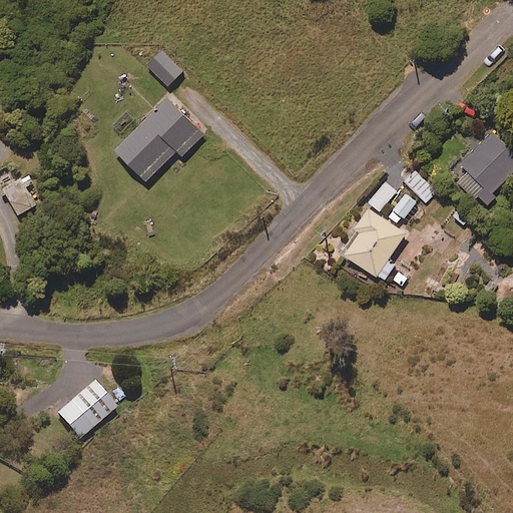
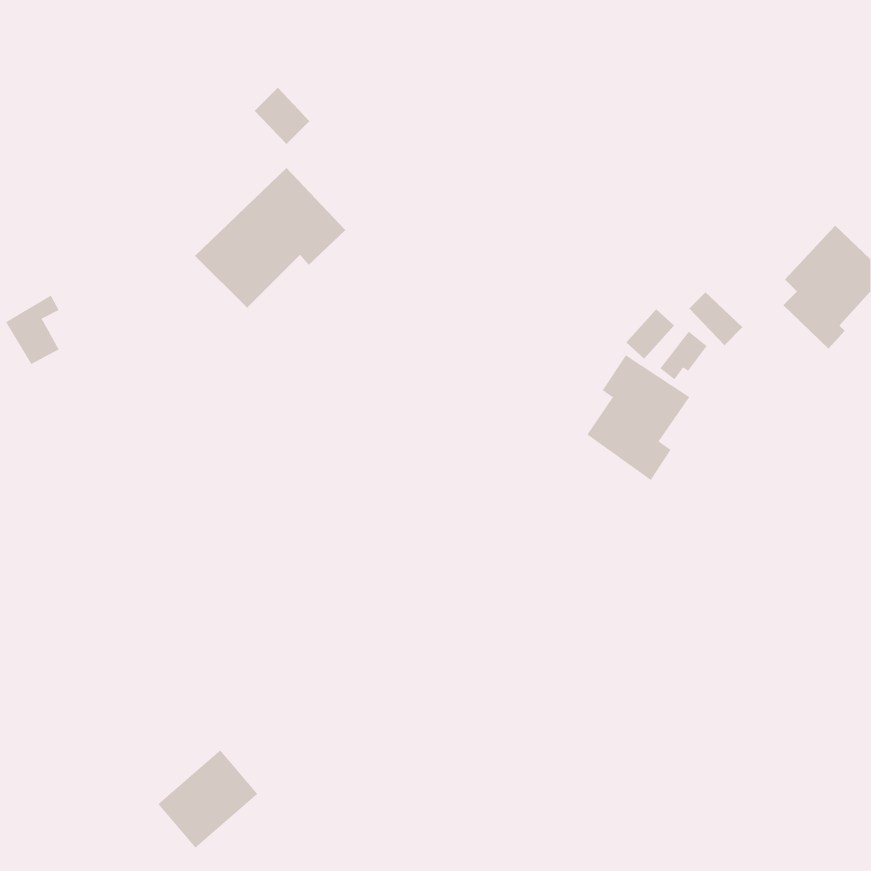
building: [56,382,115,440] -> [158,750,258,848]

